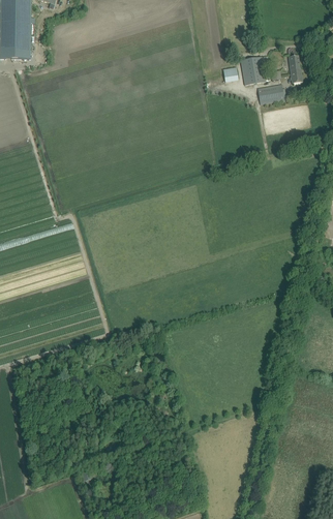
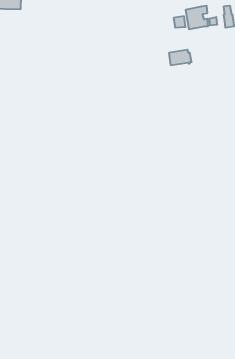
building: [256,83,285,102] -> [169,50,192,65]

